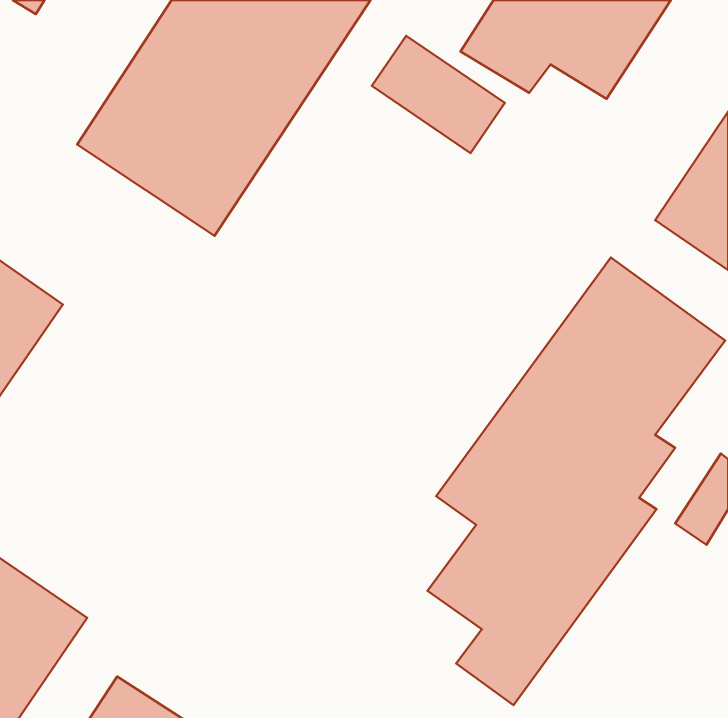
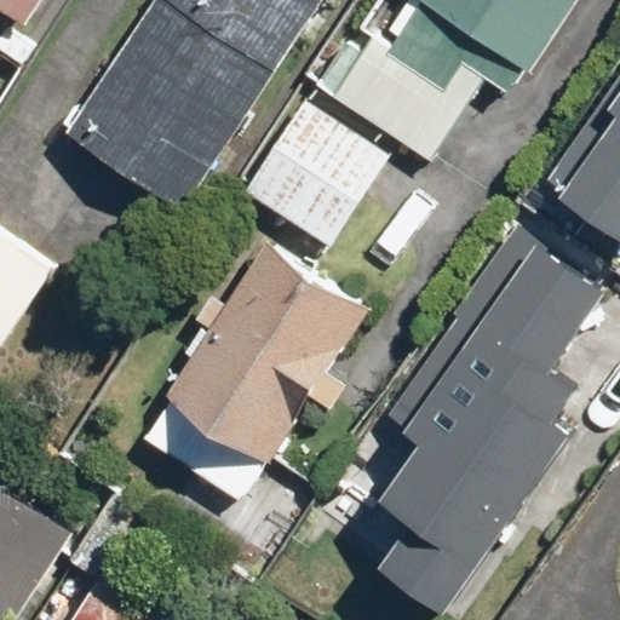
building: none -> [243,99,391,249]
building: none -> [167,239,373,463]

